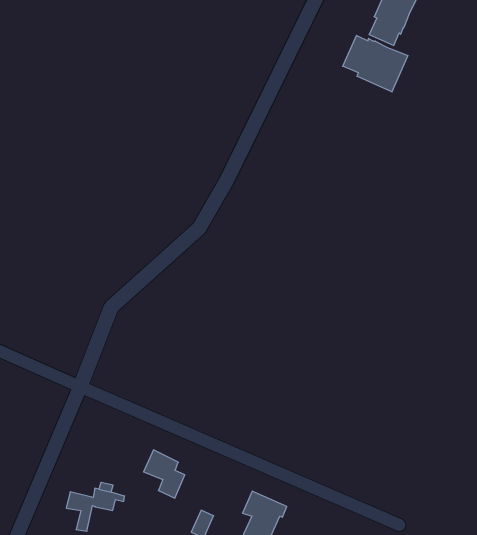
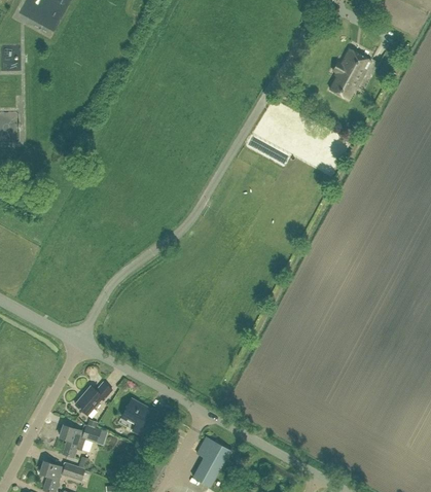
building: [343,35,408,92] -> none
building: none -> [74,383,111,415]

